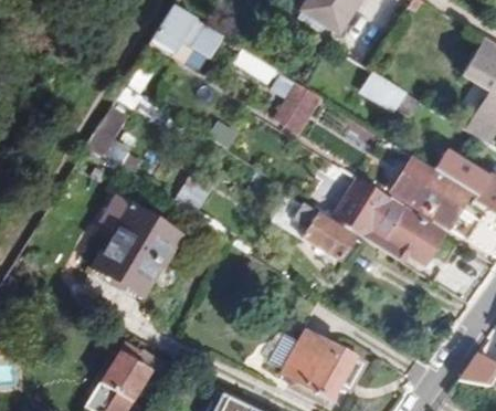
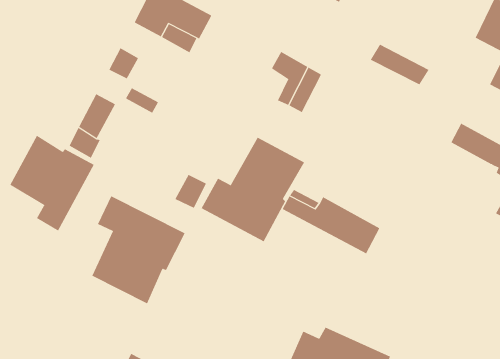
building: none -> [9,135,94,231]
building: none -> [201,137,305,242]
building: [392,157,471,226] -> none
building: [334,177,445,263] -> none

